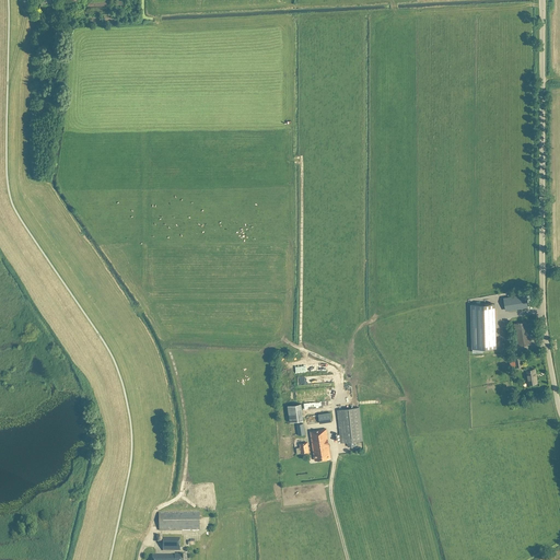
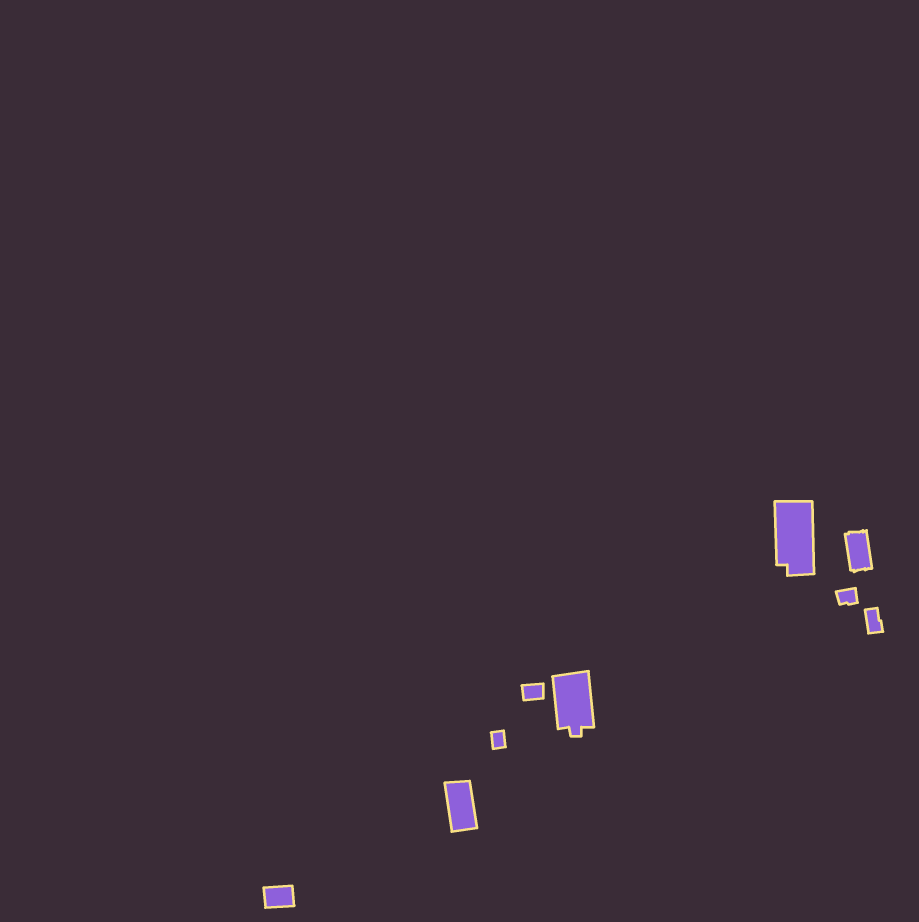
building: [308,430,328,460] -> [445,781,477,832]
building: [156,512,197,530] -> none

